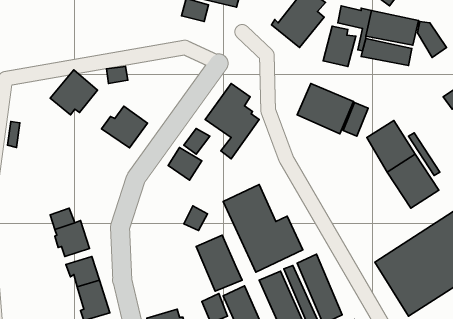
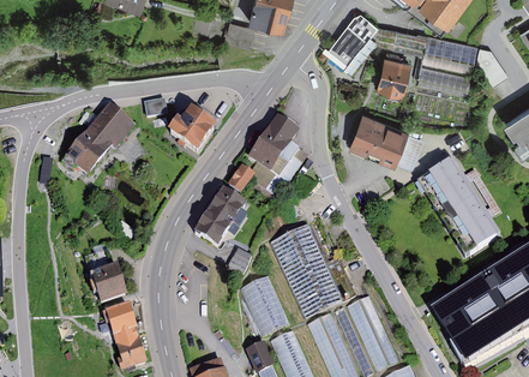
building: none -> [61,131,106,172]
building: [101,106,147,148] -> [167,104,216,149]
building: none -> [194,203,233,243]

